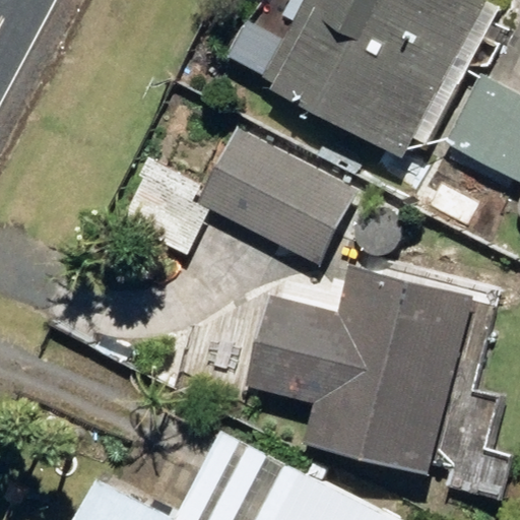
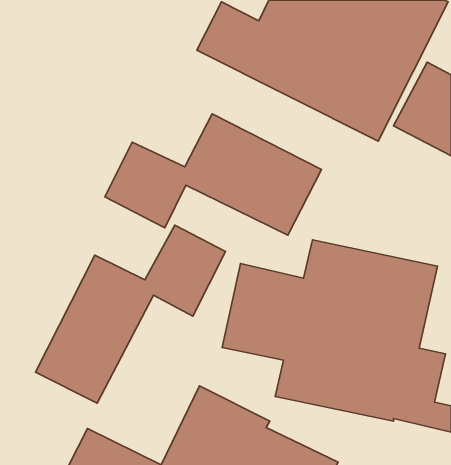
building: none -> [35,225,225,403]

